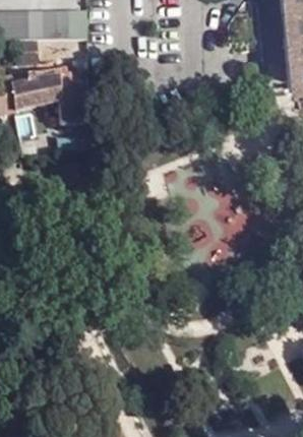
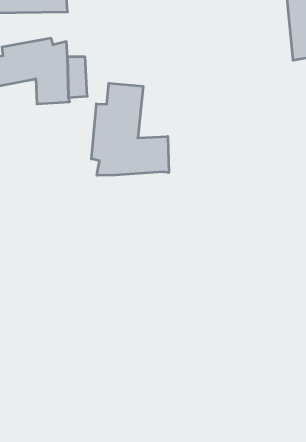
building: none -> [91,83,169,175]

